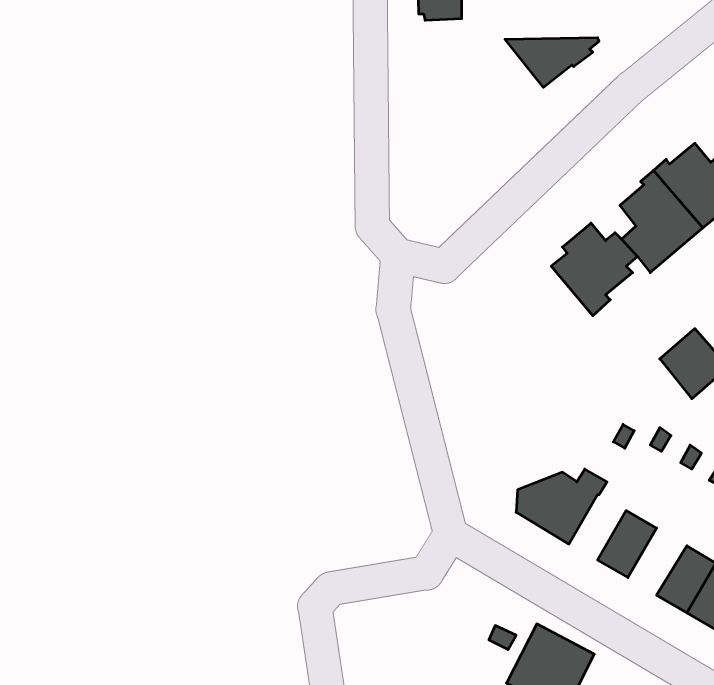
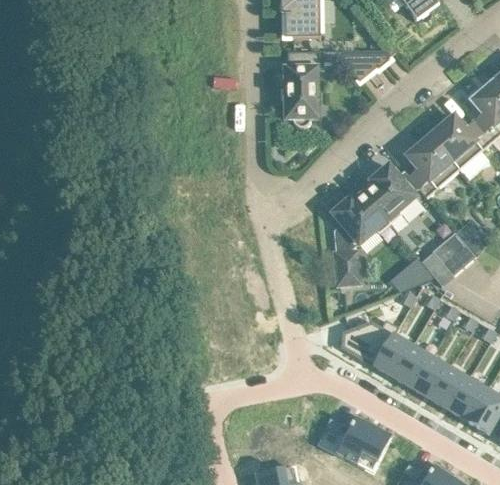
building: none -> [283,50,323,126]
building: none -> [333,192,390,283]
building: none -> [390,258,431,290]
building: none -> [375,335,411,376]
building: none -> [412,356,449,398]

